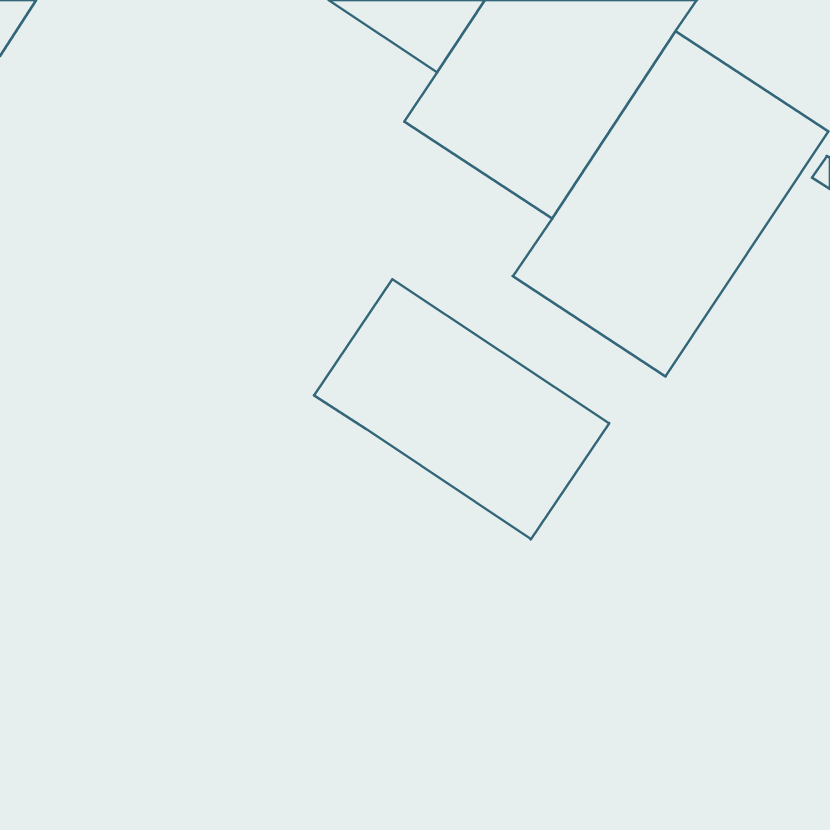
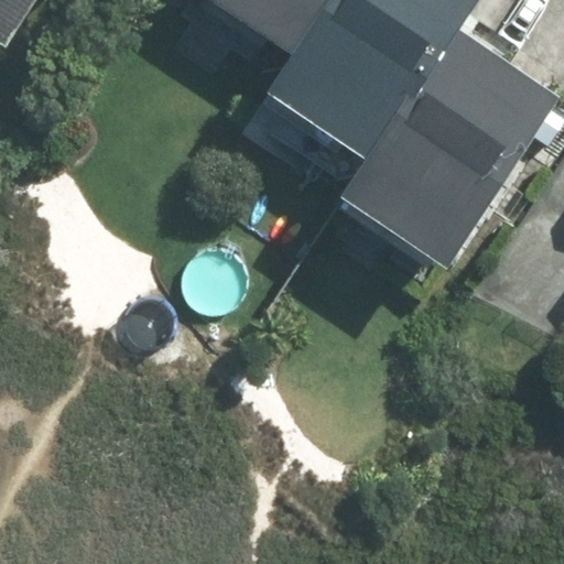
building: [314,279,609,539] -> none

